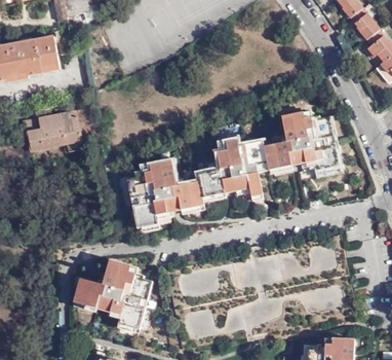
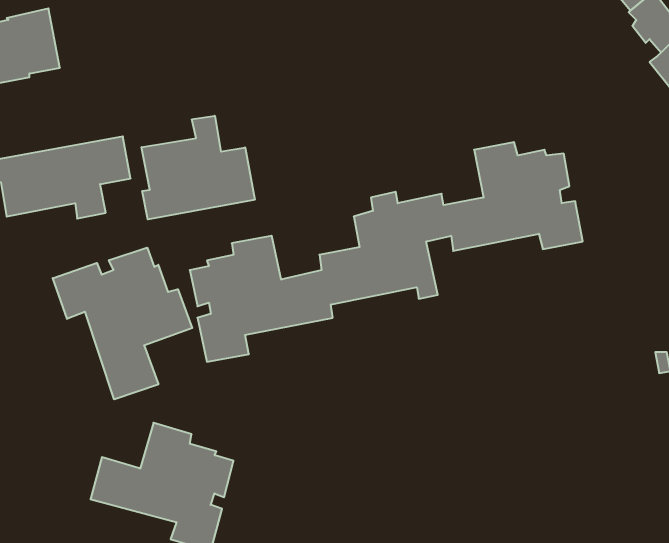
building: none -> [142,116,255,219]
building: none -> [53,248,192,399]

